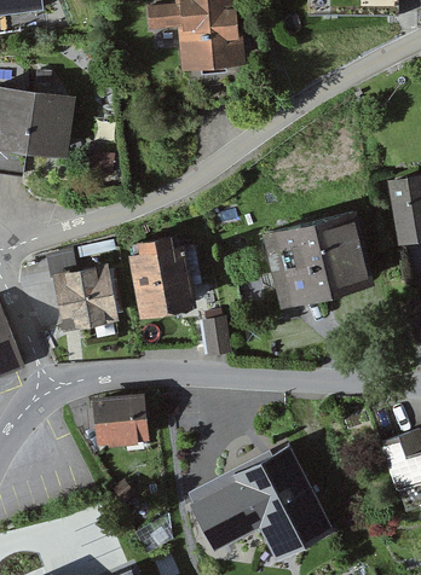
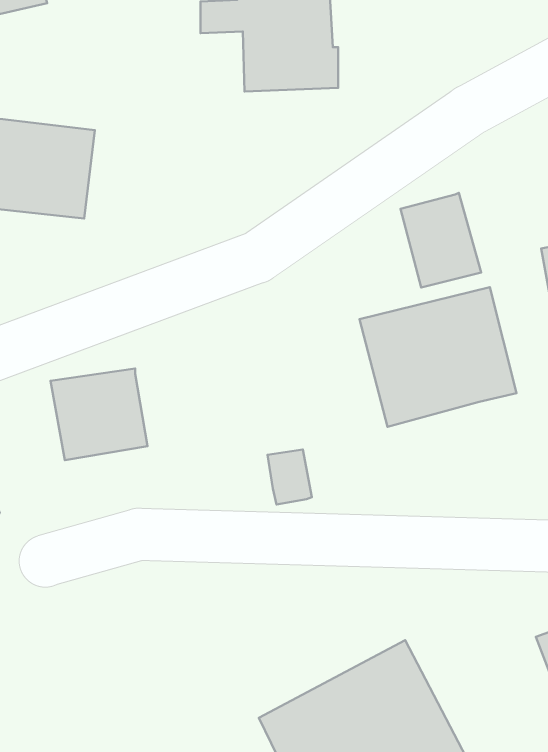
building: none -> [401,193,481,288]
building: [126,233,201,313] -> none
building: [93,395,144,440] -> none

